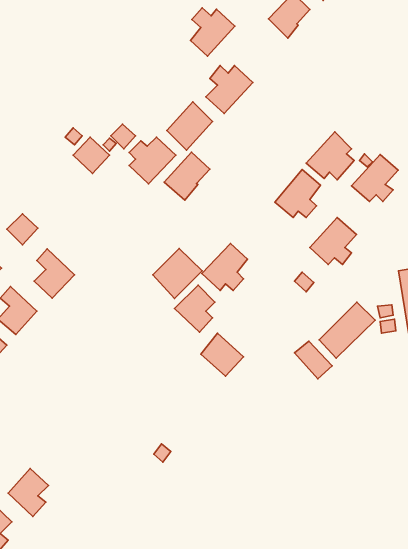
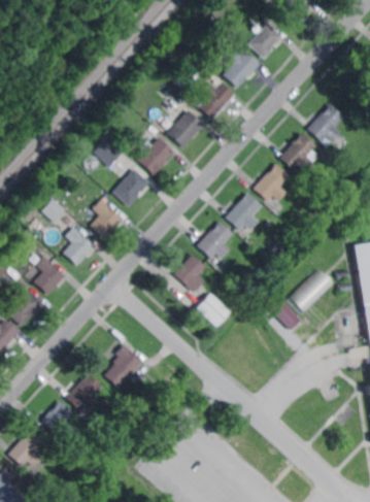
building: [190,8,235,56] -> [224,49,259,88]
building: [164,152,210,200] -> [112,168,148,206]
building: [351,155,398,201] -> [307,104,344,141]
building: none -> [91,199,123,238]
building: [310,218,357,264] -> [227,194,264,231]
building: [153,249,202,298] -> none
building: none -> [104,343,143,388]
building: none -> [64,373,102,411]

